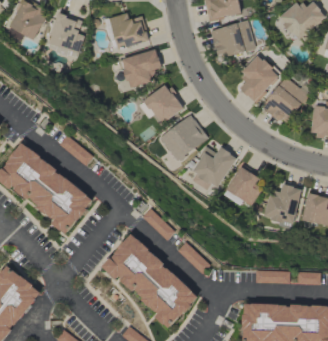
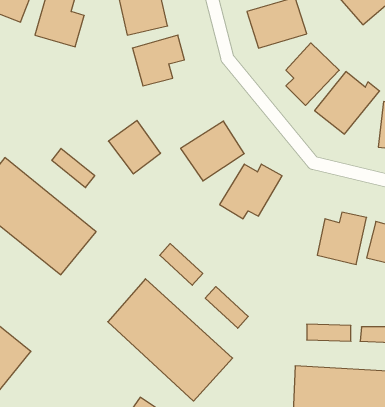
building: [143,83,183,124] -> [108,120,161,174]
building: [226,165,261,204] -> none

